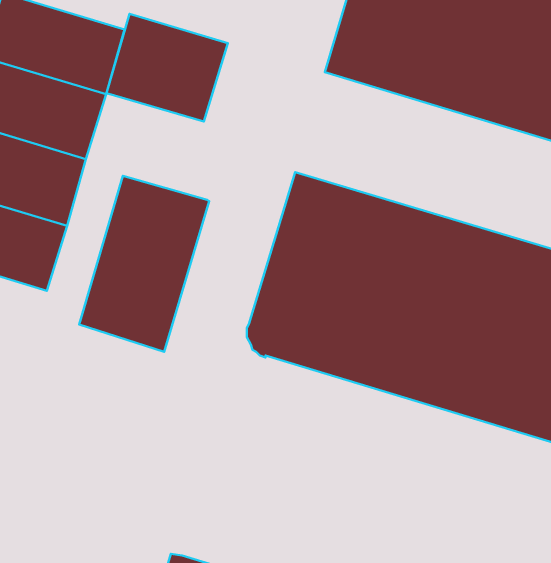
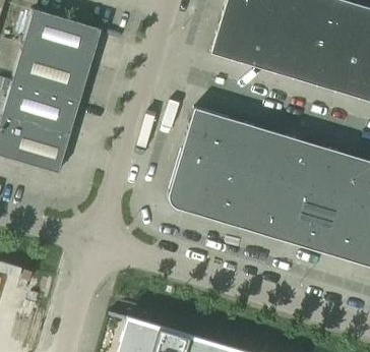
building: [106,14,228,122] -> none
building: [79,176,209,352] -> none

